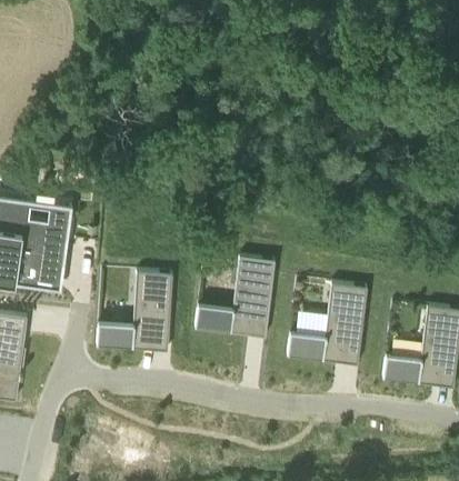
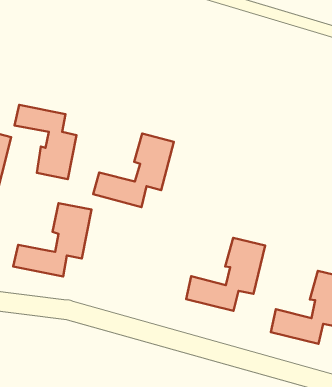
building: none -> [15,105,76,179]
building: [193,255,273,335] -> [93,133,174,207]

